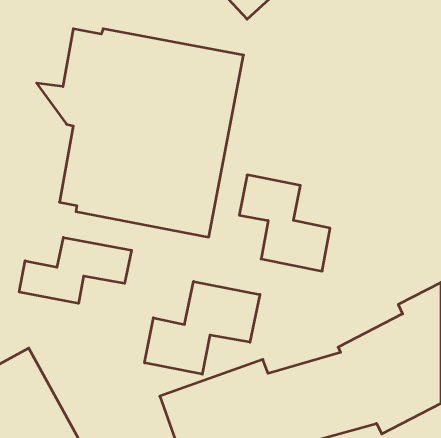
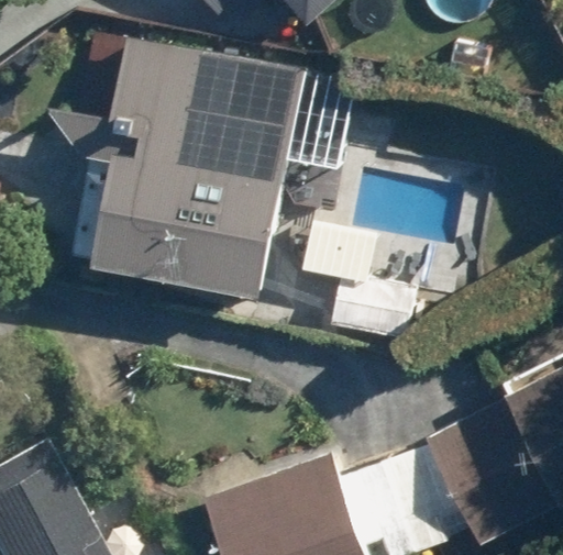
building: [19,237,132,303] -> none
building: [145,281,260,374] -> none

